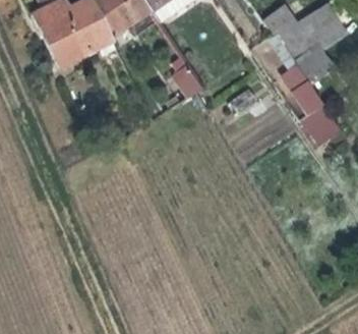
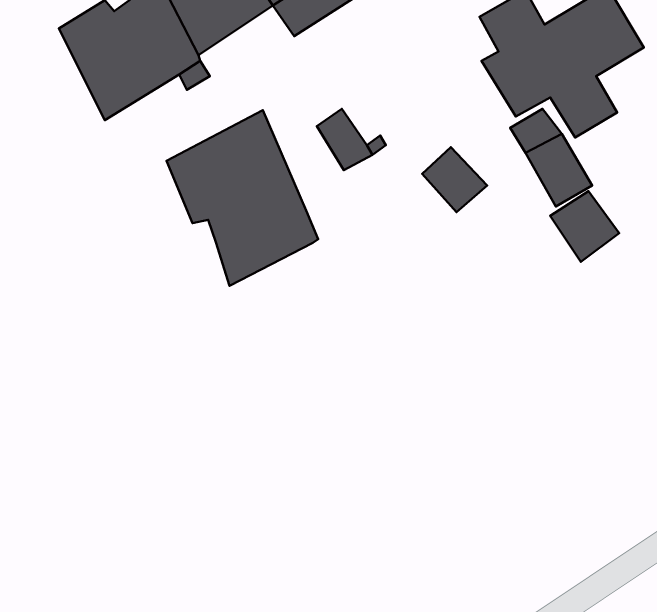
building: none -> [166,110,318,286]

